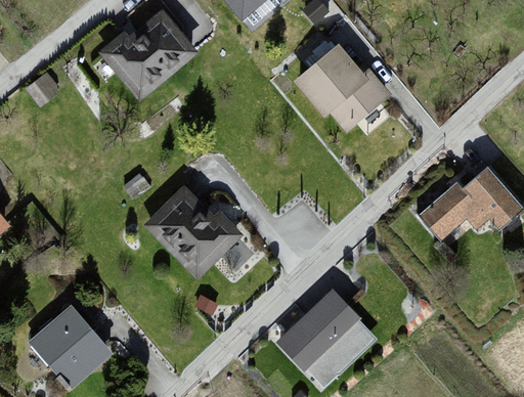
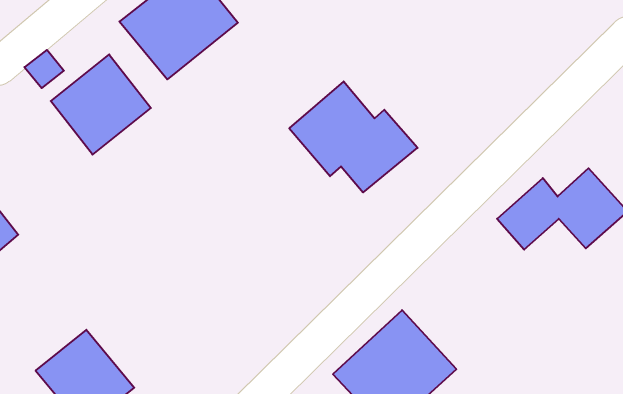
building: [277,41,384,133] -> [289,81,418,192]
building: none -> [51,54,151,155]
building: [142,184,243,279] -> none

